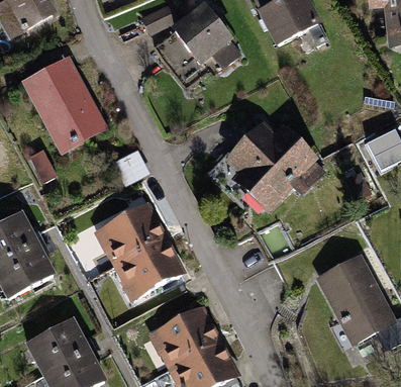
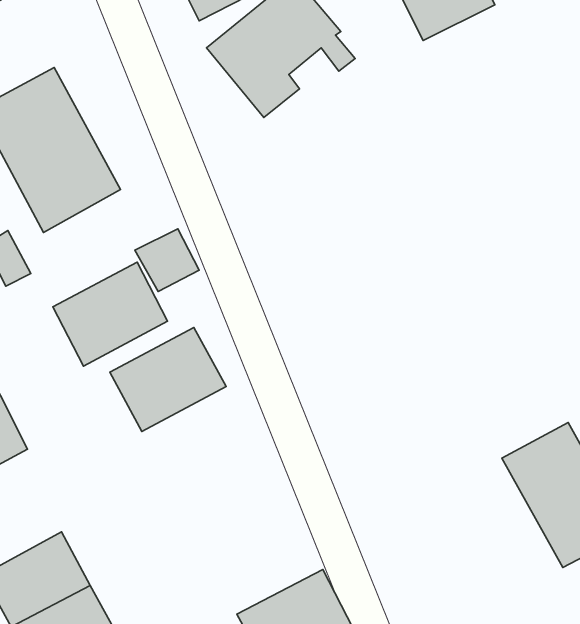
building: [208,124,319,205] -> none
building: [117,237,182,296] -> [53,262,168,366]
building: [154,307,219,366] -> none

